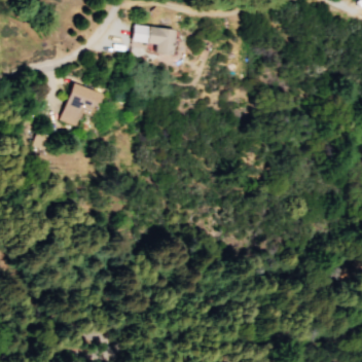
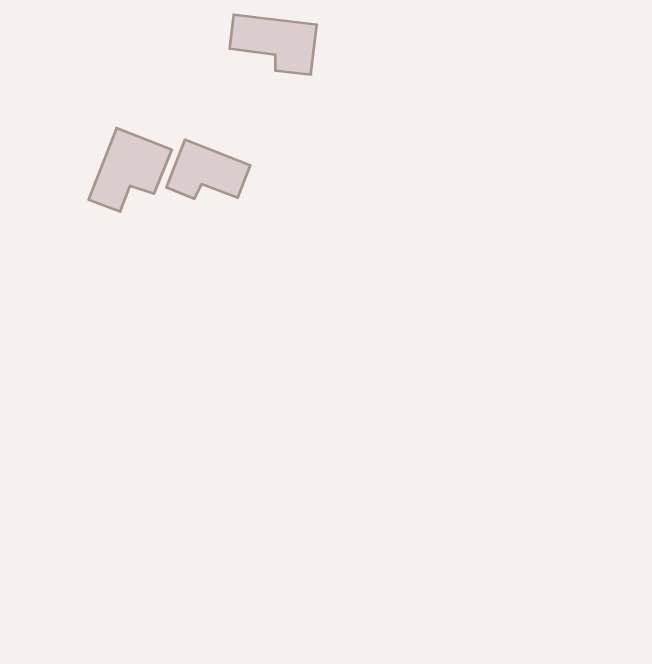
building: none -> [167,140,250,199]

